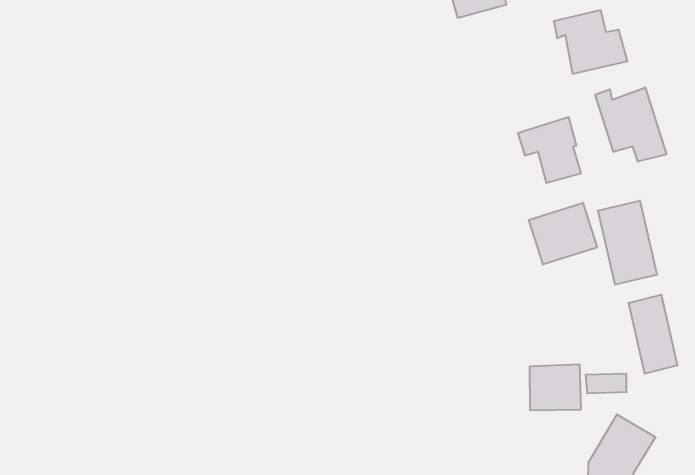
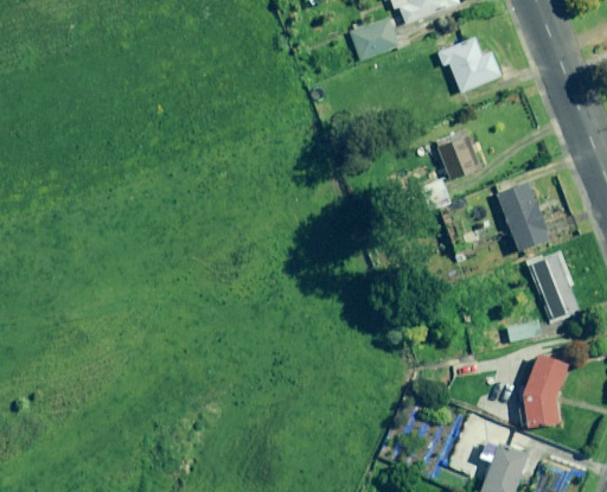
building: [595,87,666,162] -> none
building: [529,203,597,265] -> none
building: [530,364,581,410] -> none

